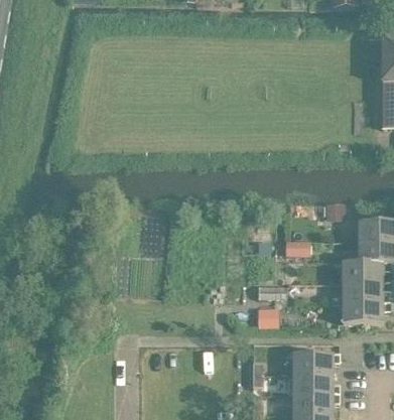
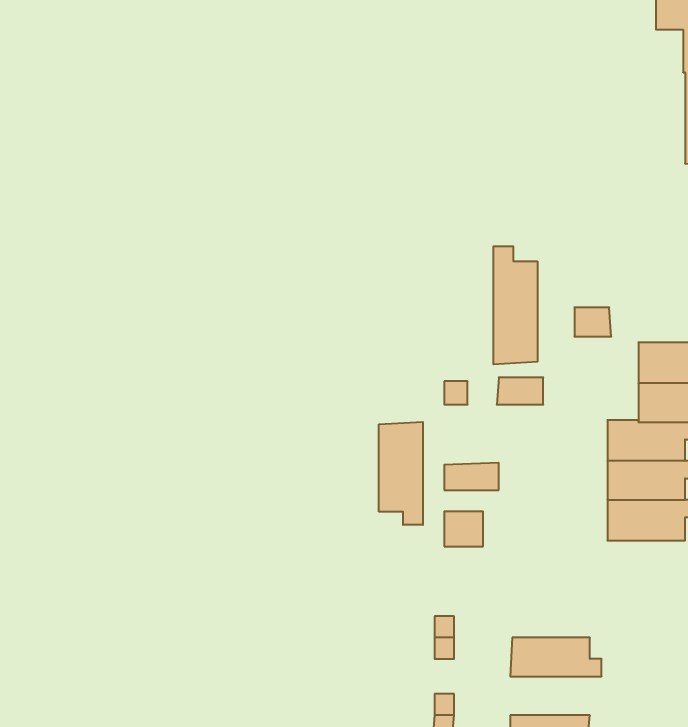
building: none -> [493,246,537,364]
building: none -> [379,422,423,525]
building: [292,352,339,373] -> none
building: [291,393,339,413] -> none

